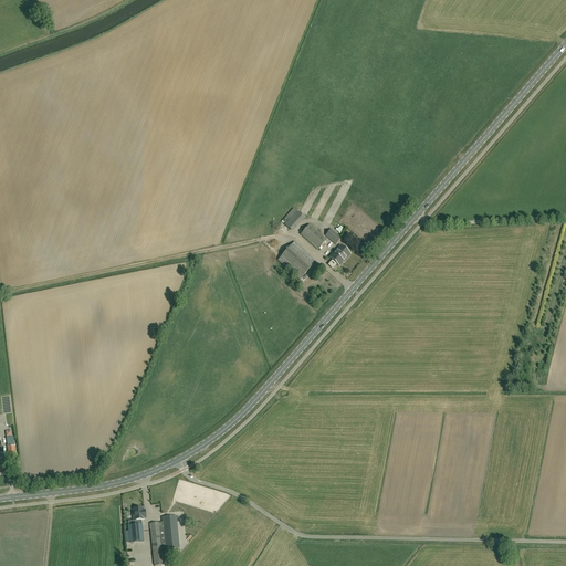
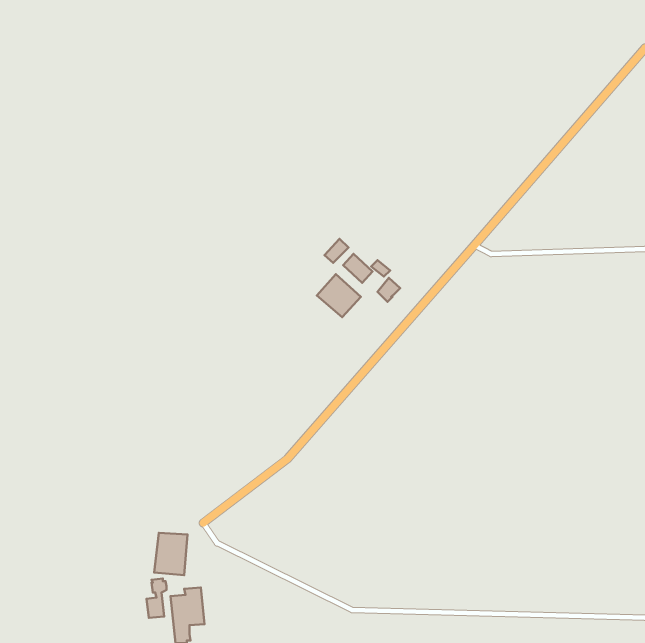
building: none -> [154,533,188,575]

